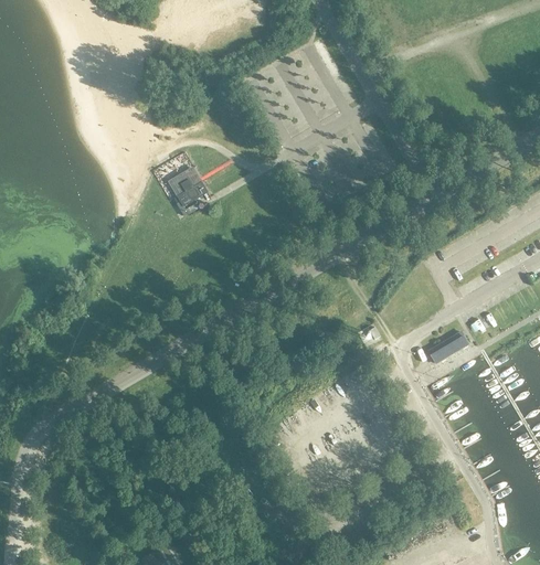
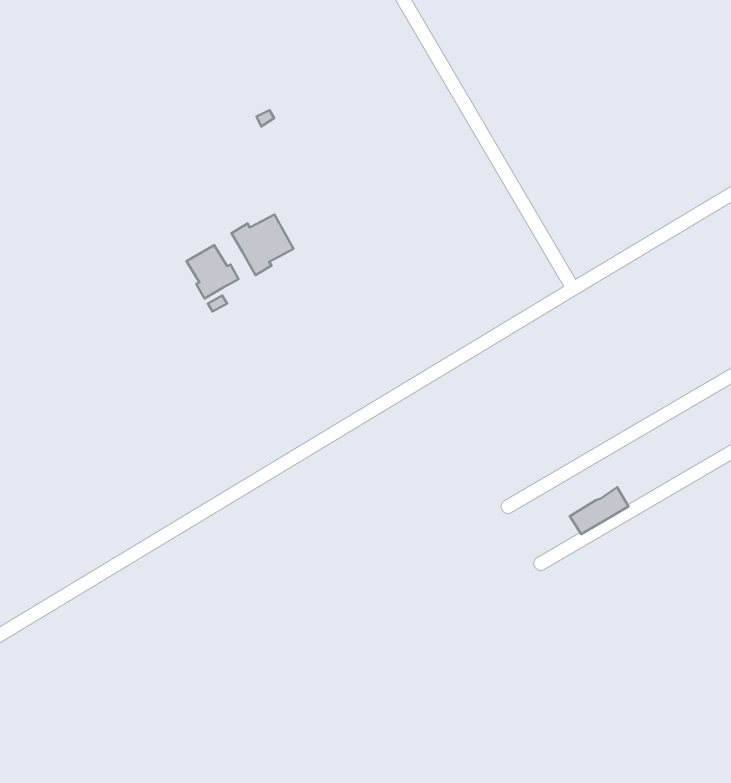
building: none -> [231,214,294,275]

